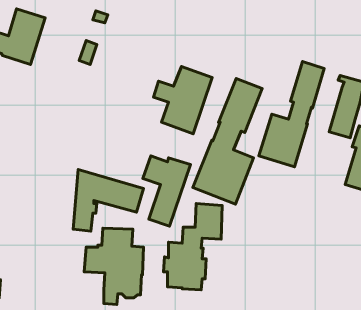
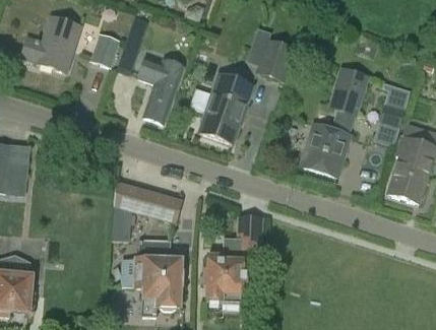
building: none -> [245,27,295,82]
building: none -> [88,31,120,67]
building: [193,78,262,204] -> none
building: [143,156,190,226] -> [135,56,184,128]

